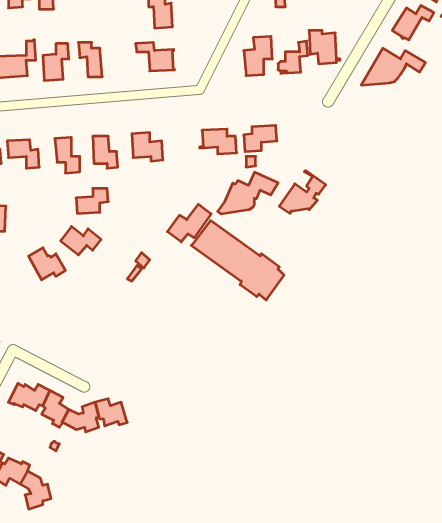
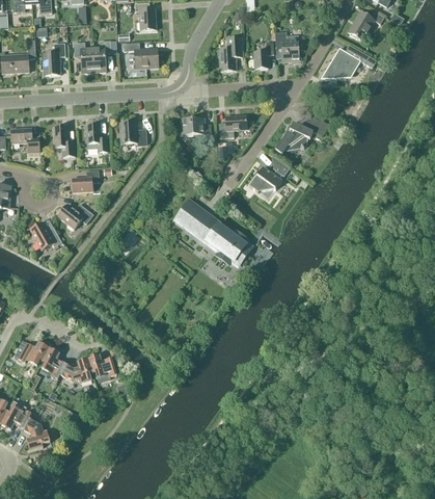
building: none -> [92,41,111,73]
building: [218,172,278,214] -> [275,115,328,152]
building: [167,204,211,242] -> none

